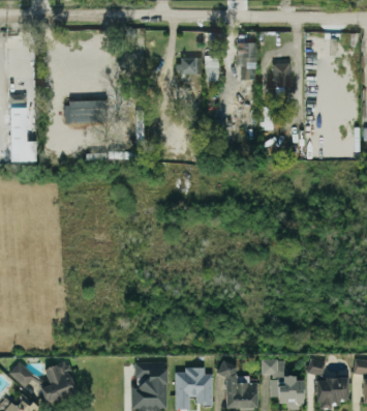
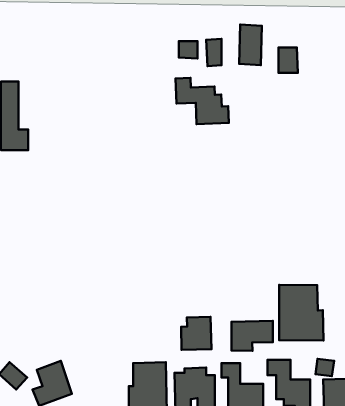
building: none -> [175,78,229,124]
building: [64,99,106,123] -> none
building: none -> [279,285,324,340]
building: none -> [181,317,211,350]
building: none -> [231,321,273,351]

